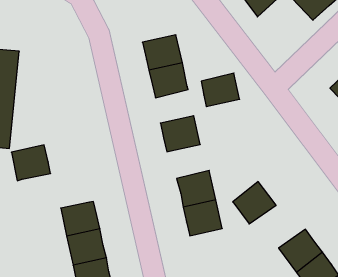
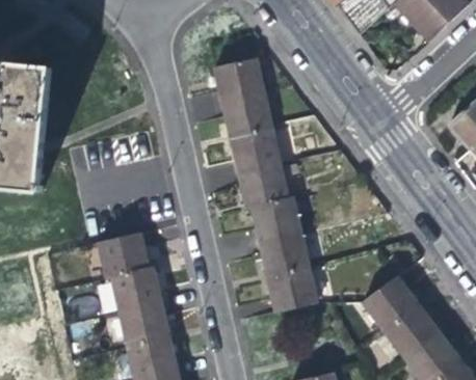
building: [201,73,240,107] -> [231,127,280,169]
building: none -> [250,195,299,240]
building: [11,145,51,181] -> [97,234,147,279]
building: [233,182,276,224] -> [367,274,422,328]

